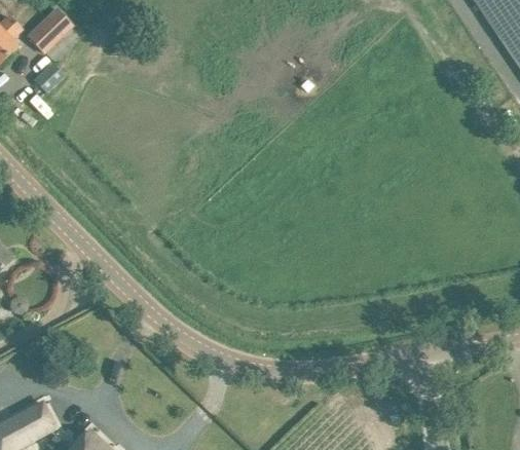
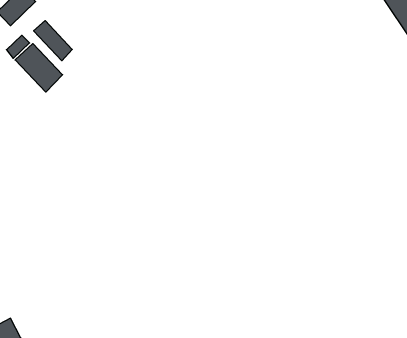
building: none -> [34,21,72,61]
building: none -> [15,44,63,92]

